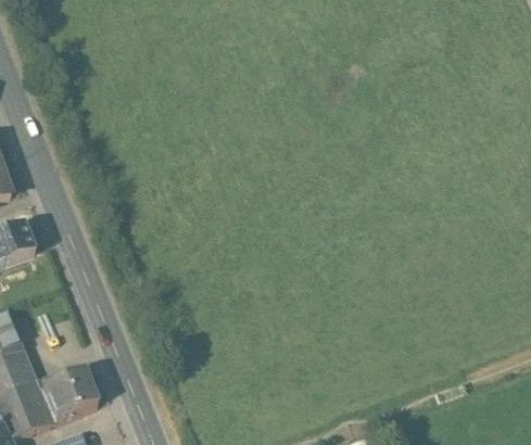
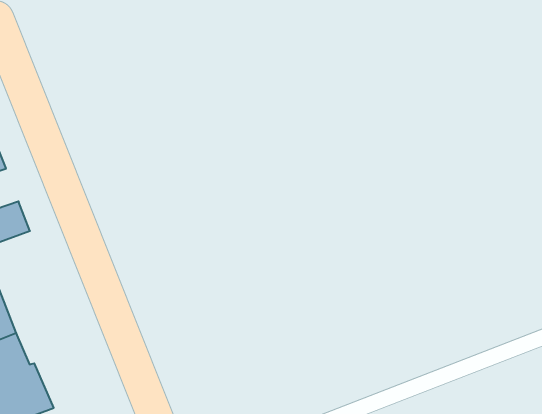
building: [37,373,96,424] -> none

